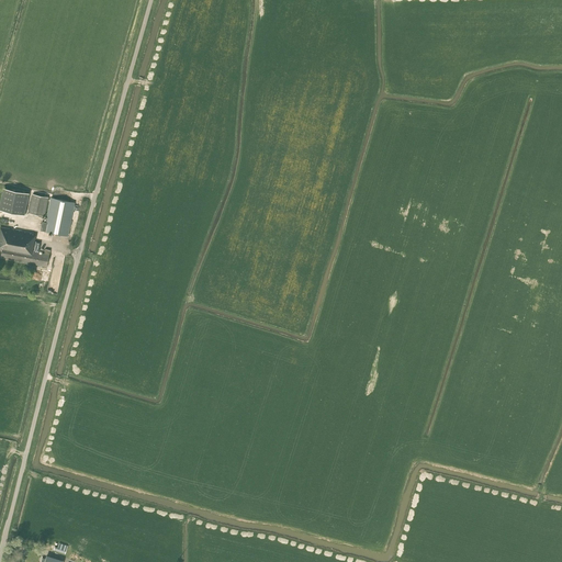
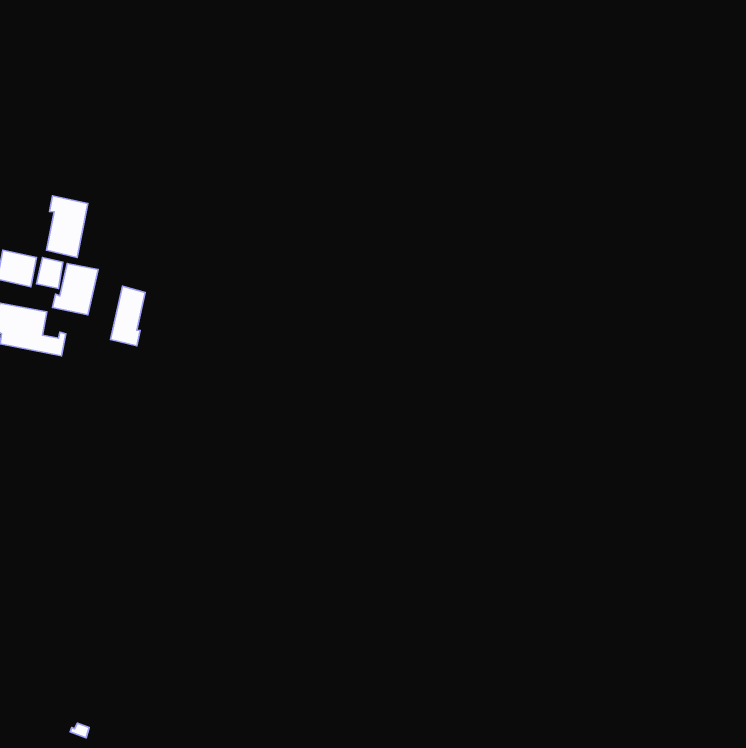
building: none -> [47,196,88,257]
building: none -> [111,286,145,346]

